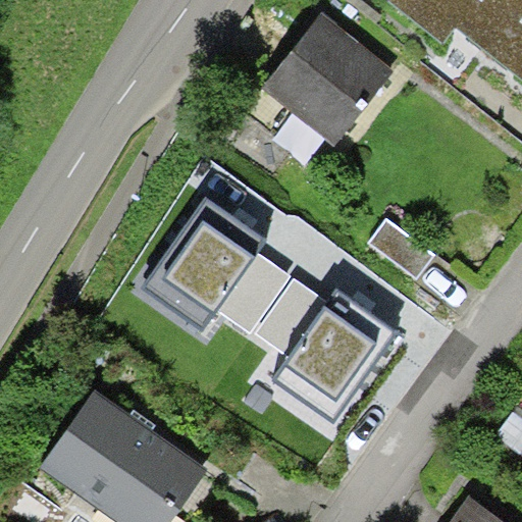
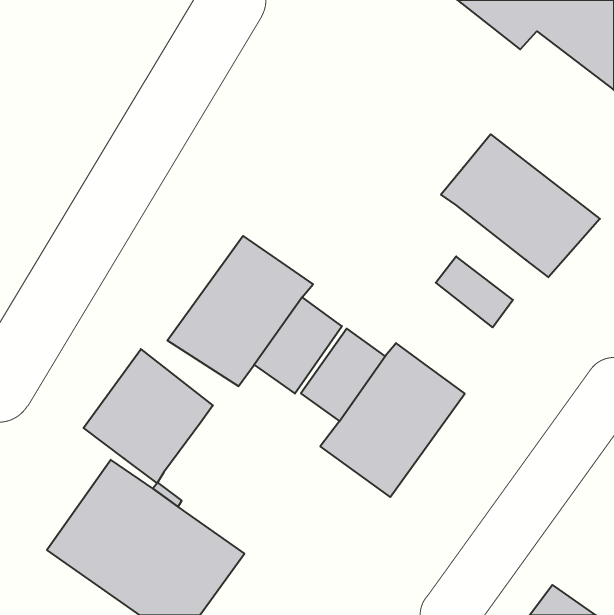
building: [263,14,395,147] -> none
building: none -> [441,134,600,277]
building: none -> [84,349,213,483]

